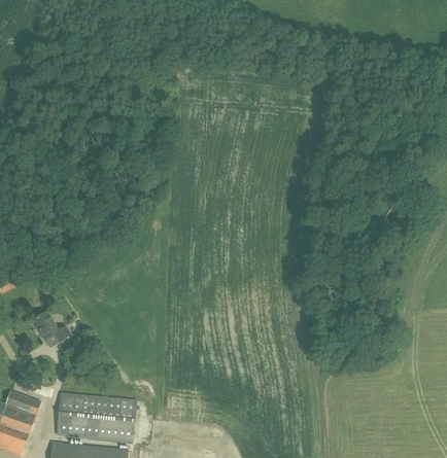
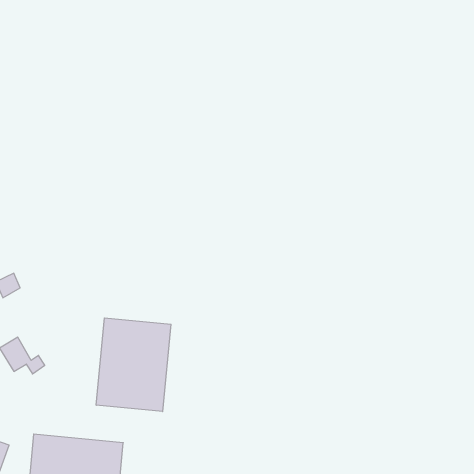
building: none -> [96,318,171,412]

